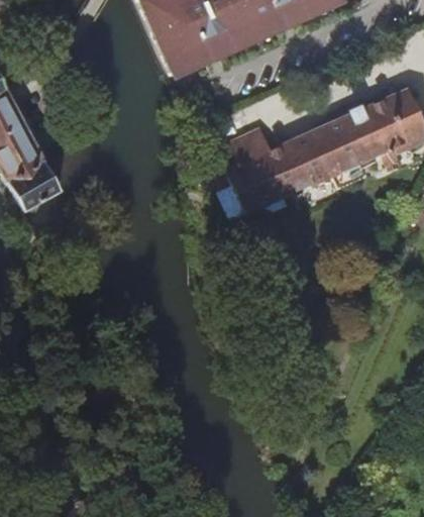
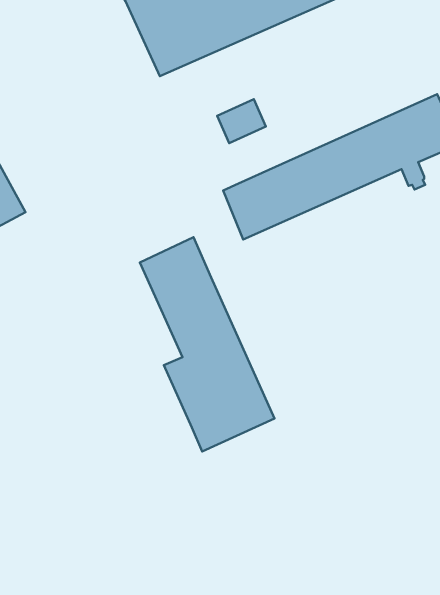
building: [232,128,274,166] -> [217,99,266,143]
building: none -> [140,237,275,451]

